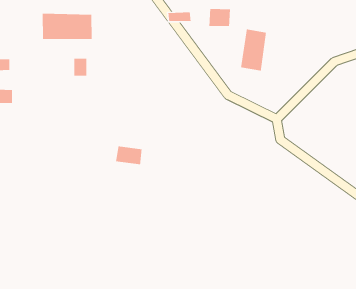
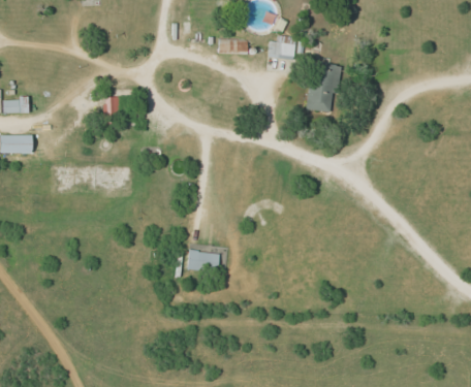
building: [42,13,92,40] -> none
building: [115,145,142,165] -> [186,249,219,272]

